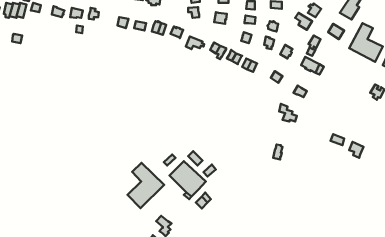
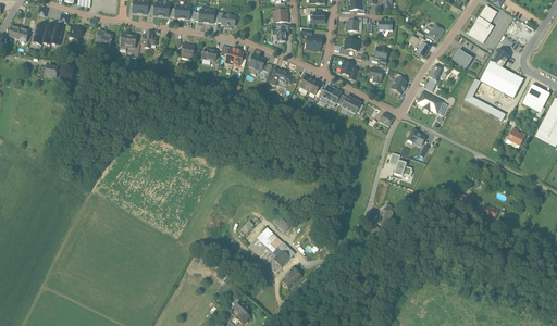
building: [128,163,164,208] -> none

